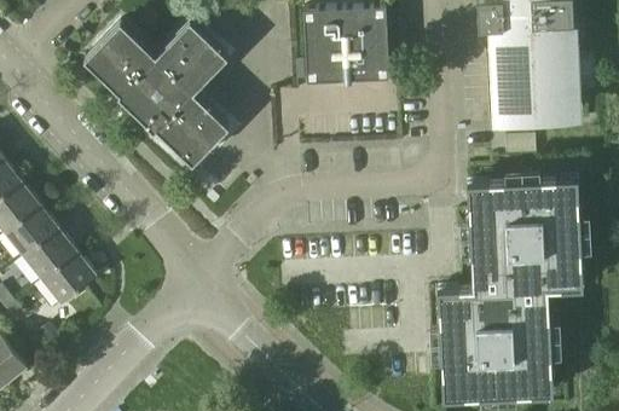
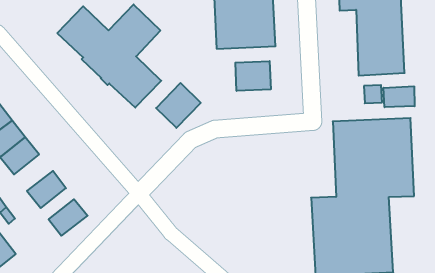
building: none -> [235,61,271,91]
building: none -> [156,83,201,128]
building: none -> [383,86,415,107]
building: [23,230,77,280] -> [49,199,88,236]

